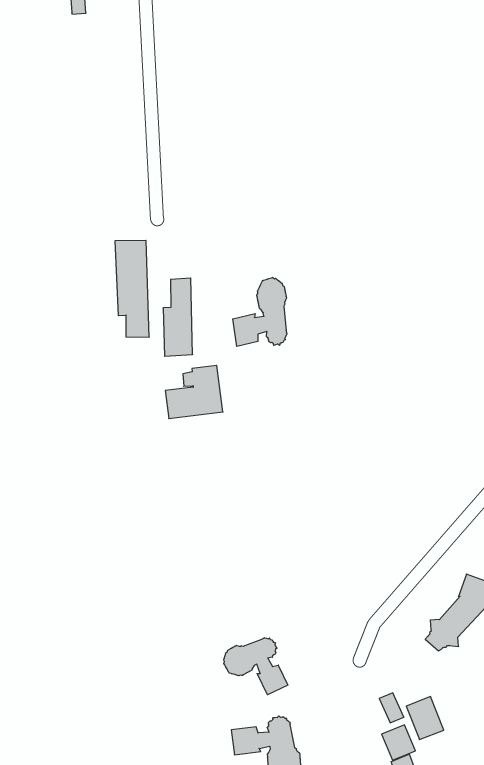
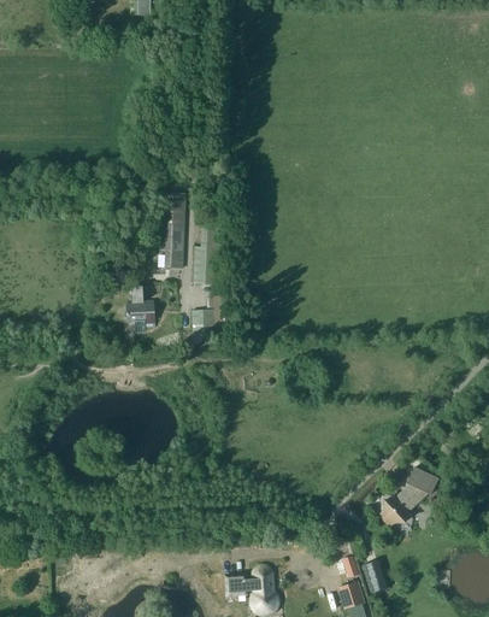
building: [233,277,287,346] -> none
building: none -> [126,286,154,333]
building: [224,638,288,695] -> none

